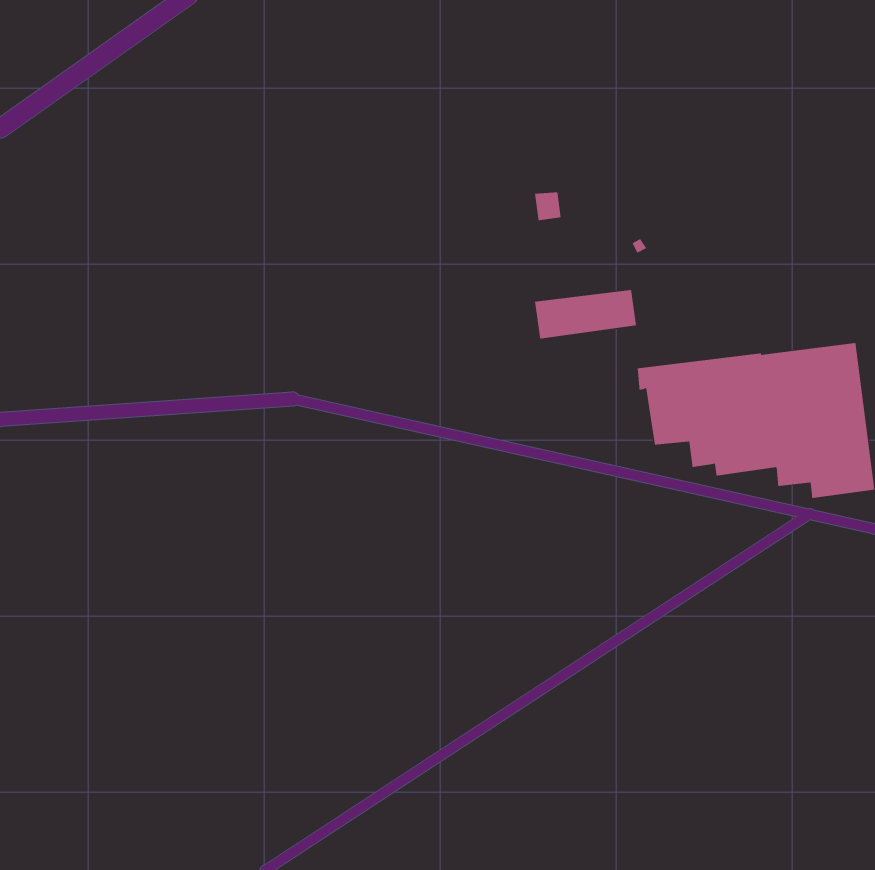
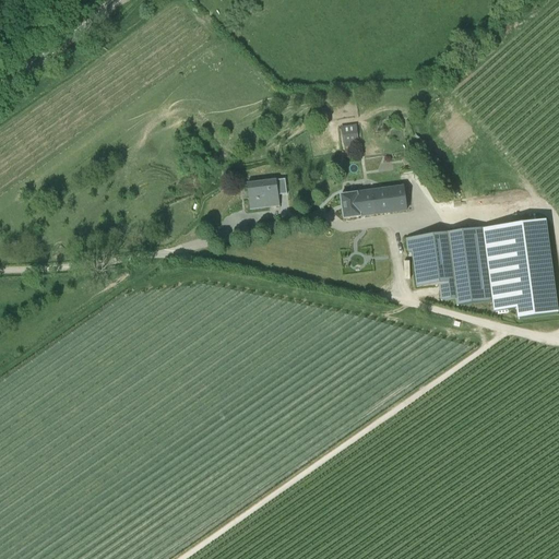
building: none -> [247,178,281,207]

